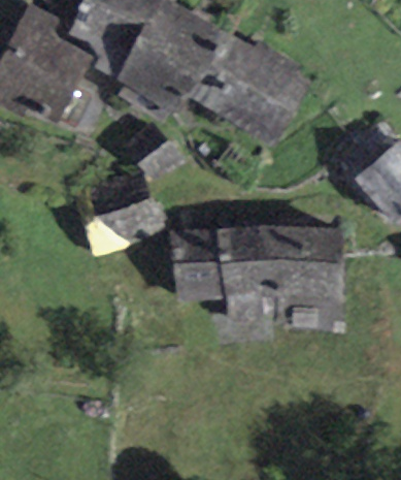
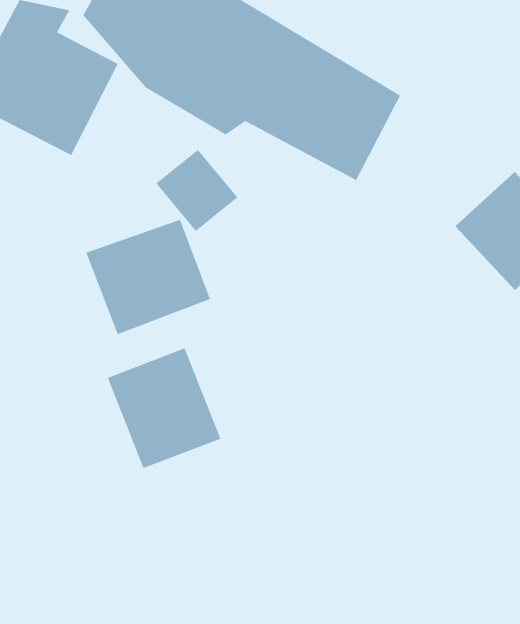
building: [175,229,342,302] -> none
building: none -> [107,348,221,469]

